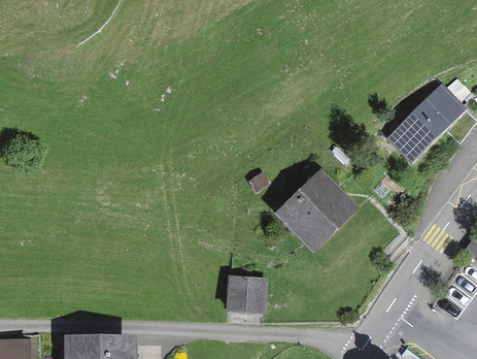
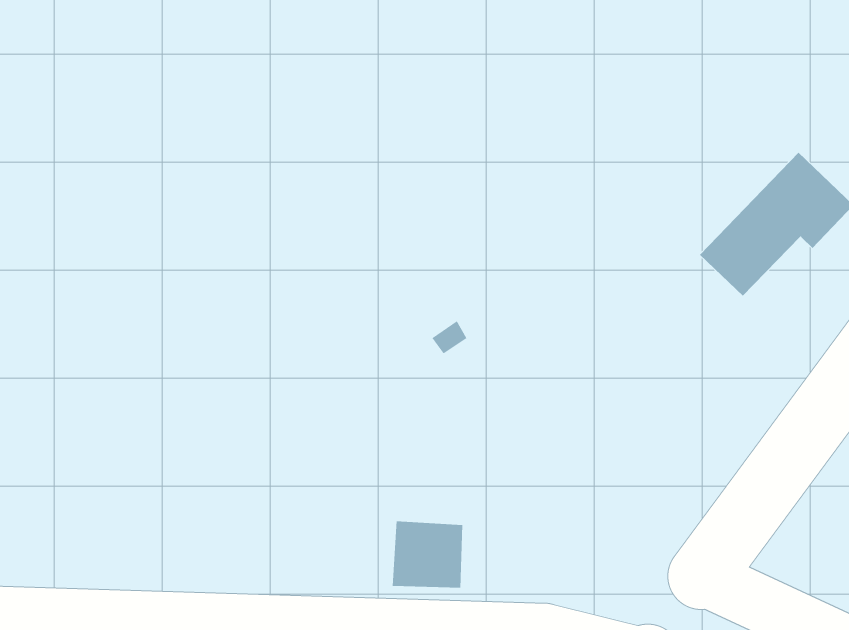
building: [284,177,349,242] -> none

